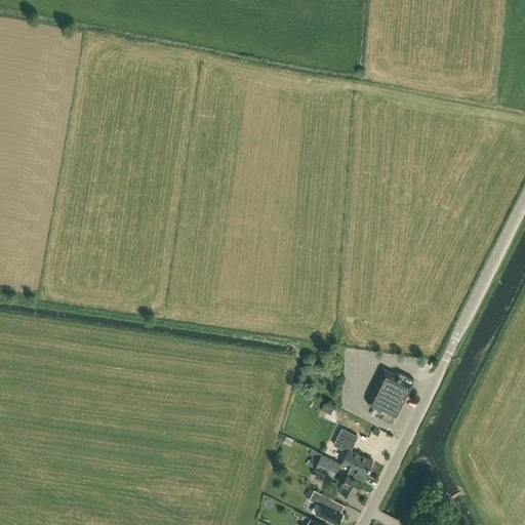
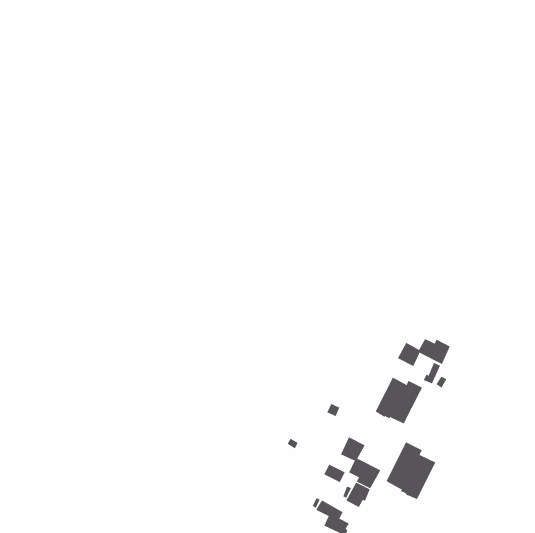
building: none -> [397,338,451,367]
building: none -> [386,441,436,500]

